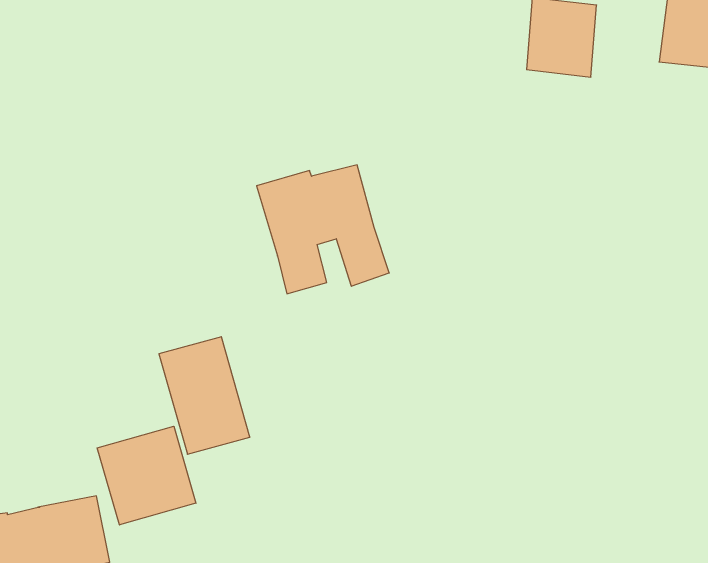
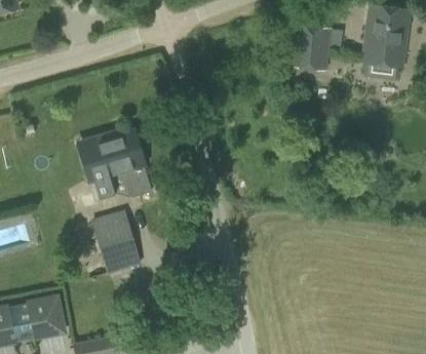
building: [257,165,389,294] -> [80,131,152,201]
building: [97,426,196,525] -> none

